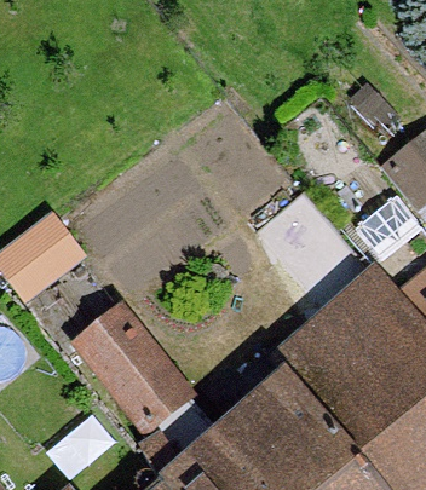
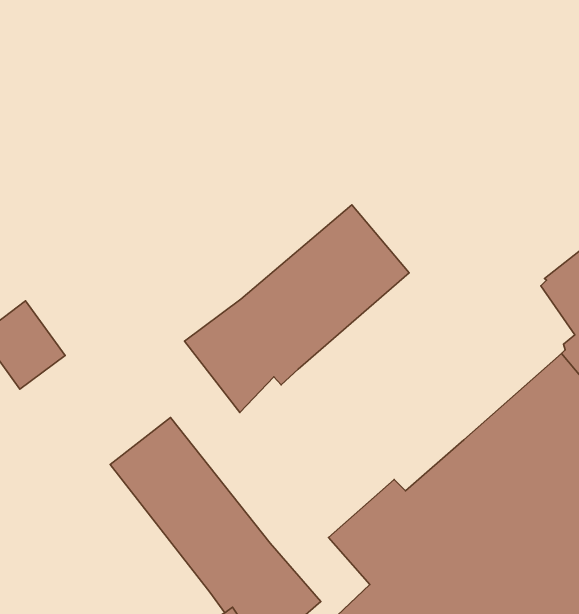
building: none -> [185,205,409,412]

